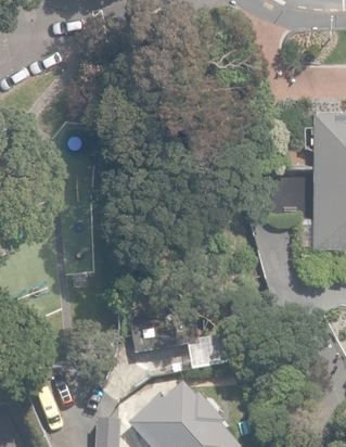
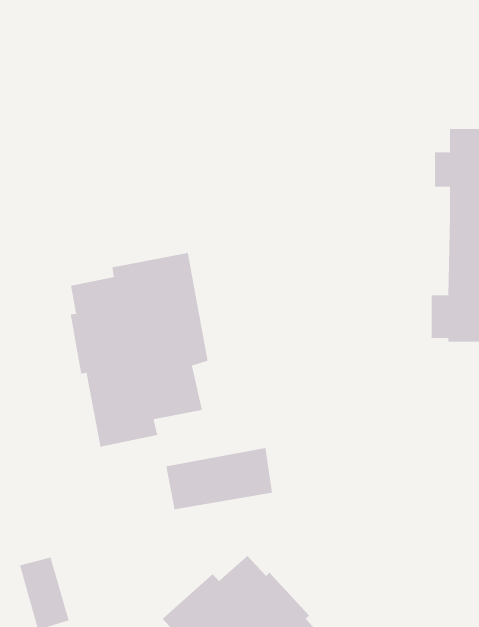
building: none -> [70,252,208,447]

